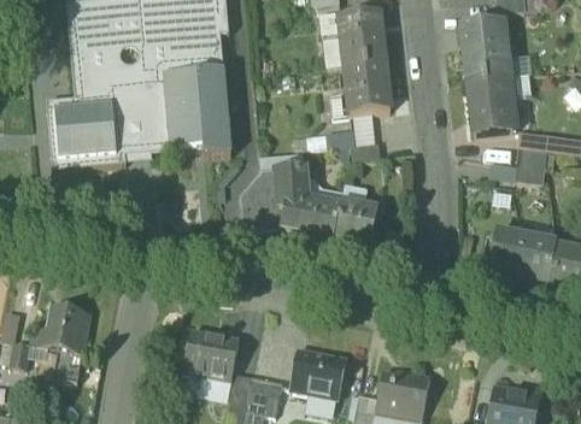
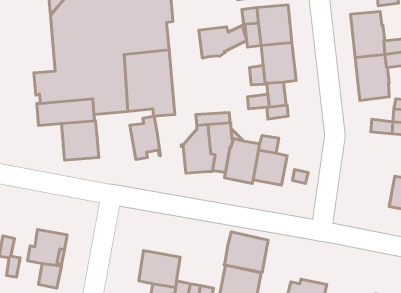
building: none -> [199,25,247,58]
building: none -> [130,116,160,160]
building: none -> [61,121,99,160]
building: [485,229,521,273] -> none
building: none -> [224,232,268,272]

